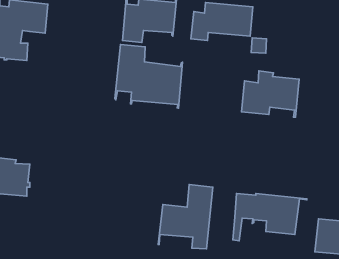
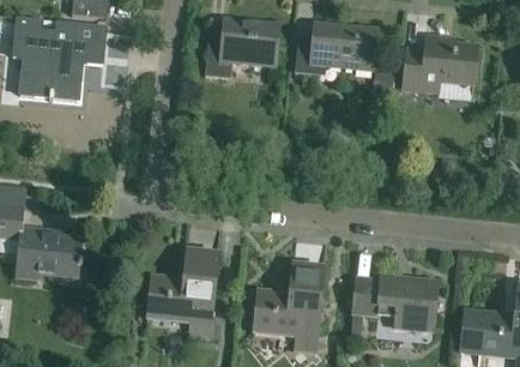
building: [115,44,183,108] -> none
building: [242,71,299,117] -> [403,35,478,96]
building: none -> [145,249,217,335]

